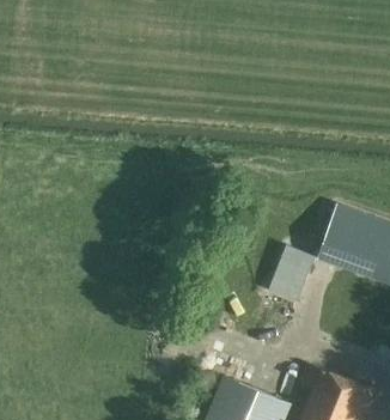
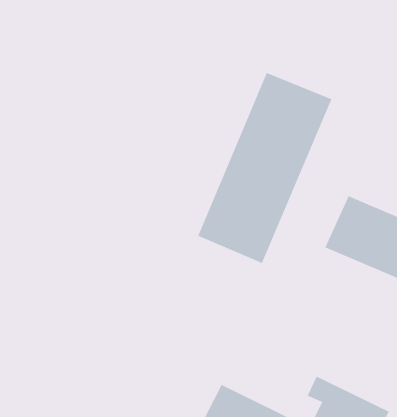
building: none -> [197,72,332,264]
building: [268,245,315,300] -> none

